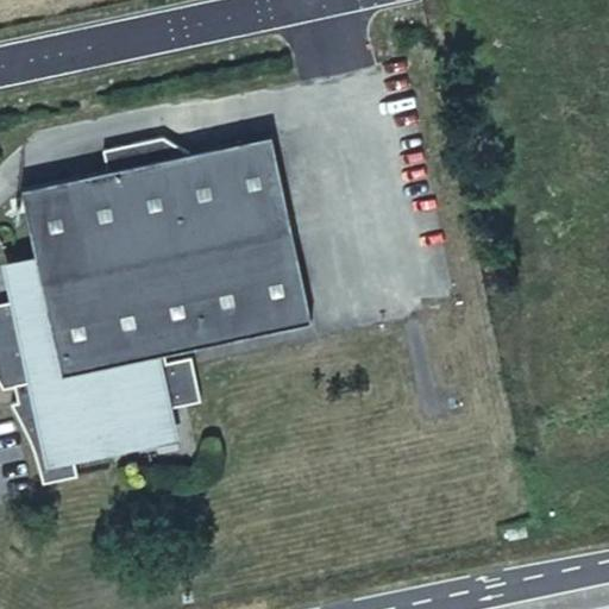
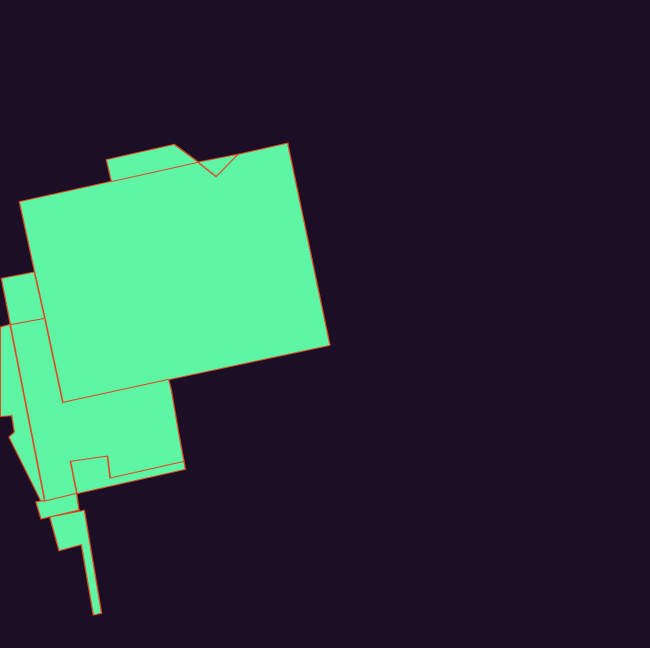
building: [163,362,199,409] -> none
building: none -> [50,510,102,615]

